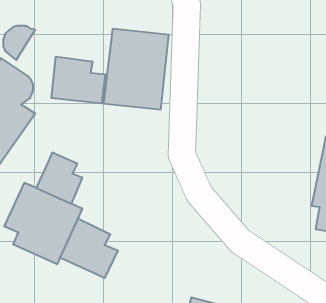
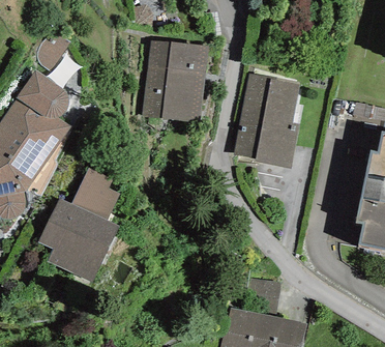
building: [51,57,105,104] -> none
building: none -> [233,71,299,167]
building: [60,219,118,278] -> none

